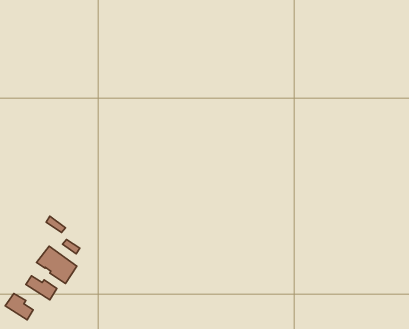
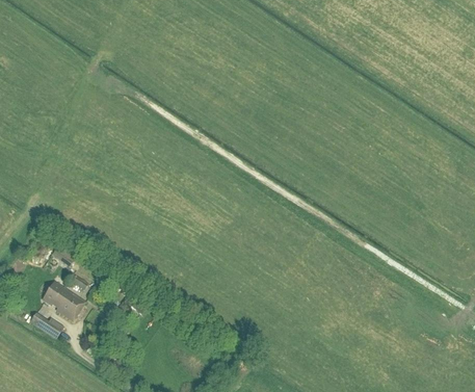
building: [5,294,33,320] -> none

